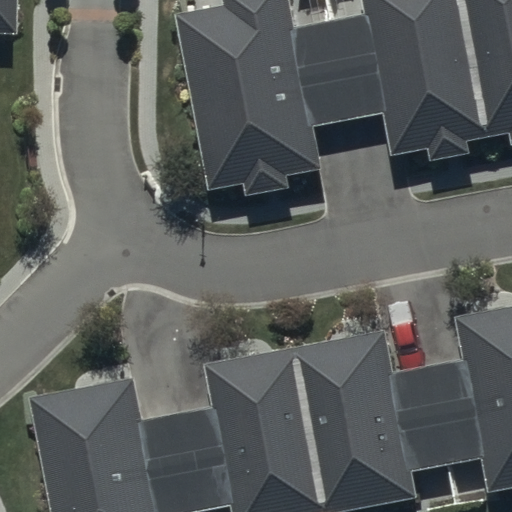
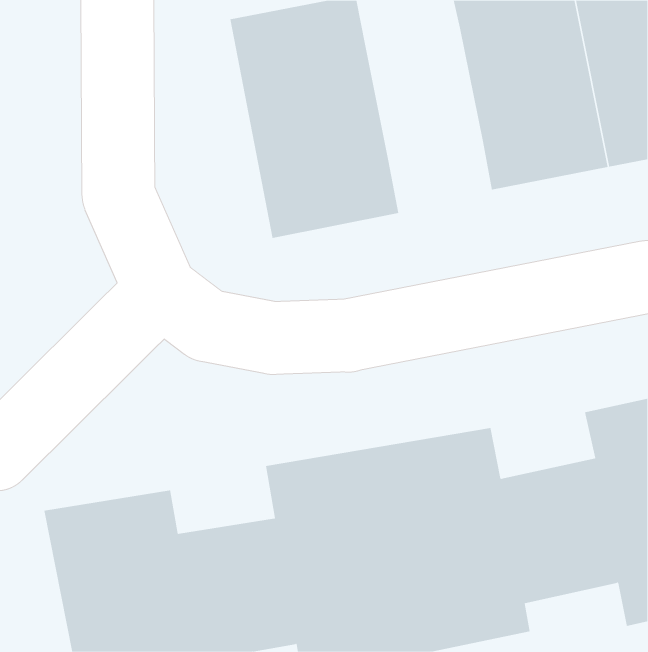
building: [287,22,378,126] -> none

